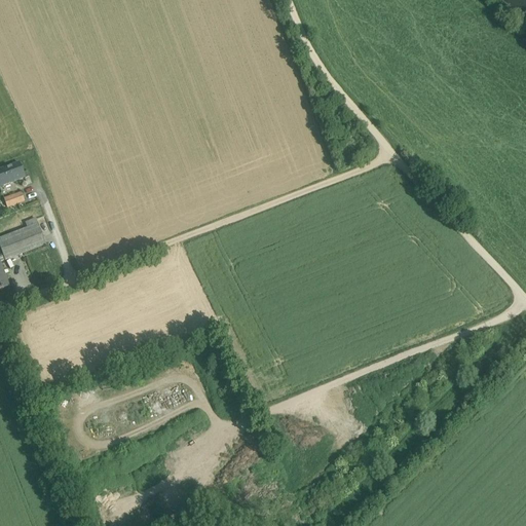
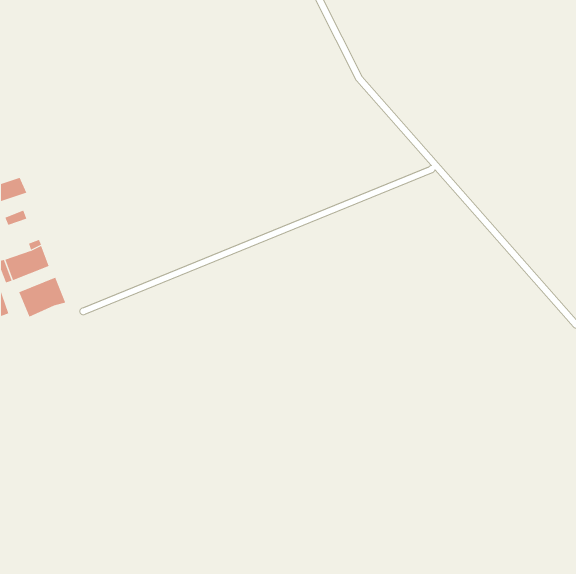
building: none -> [18,277,66,318]

